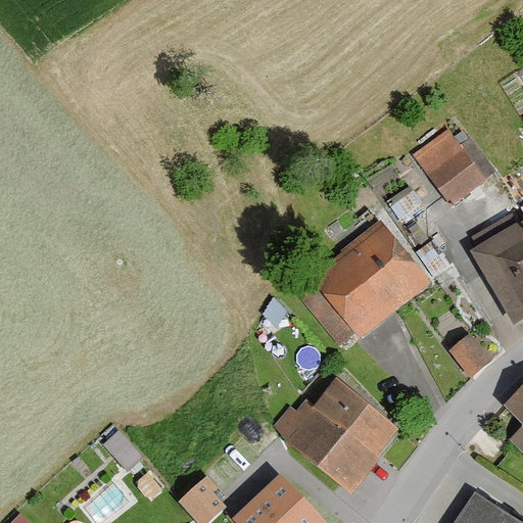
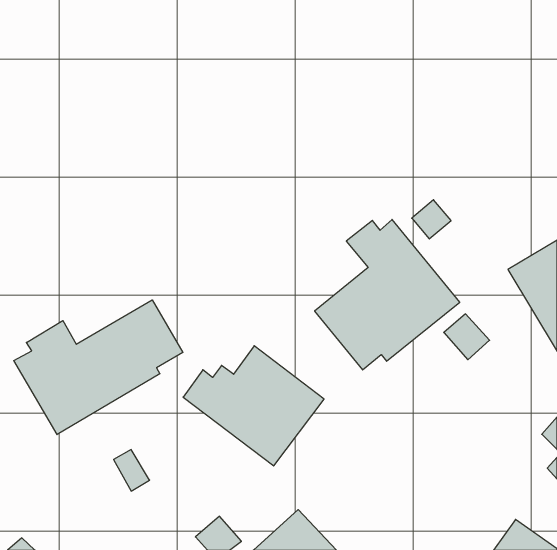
building: [414,132,487,208] -> none
building: none -> [14,300,183,435]
building: [448,335,491,378] -> [444,314,490,360]
building: [271,380,402,492] -> [183,346,324,466]

